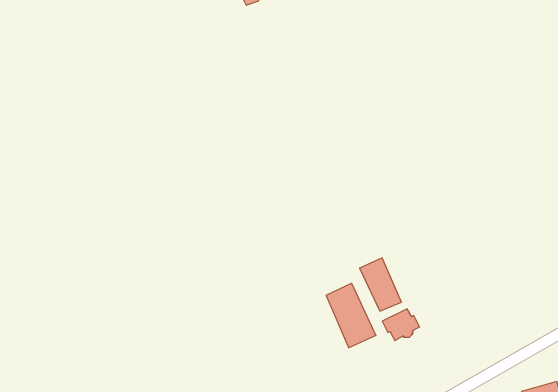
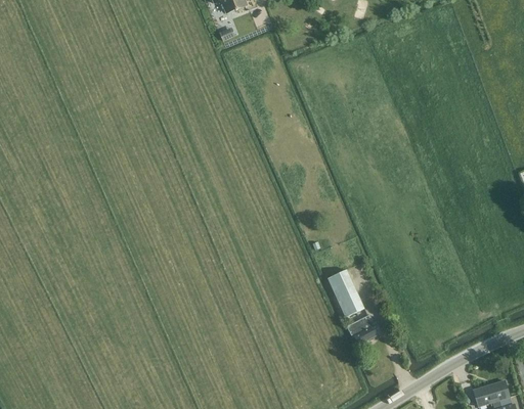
building: [326,283,376,348] -> none

